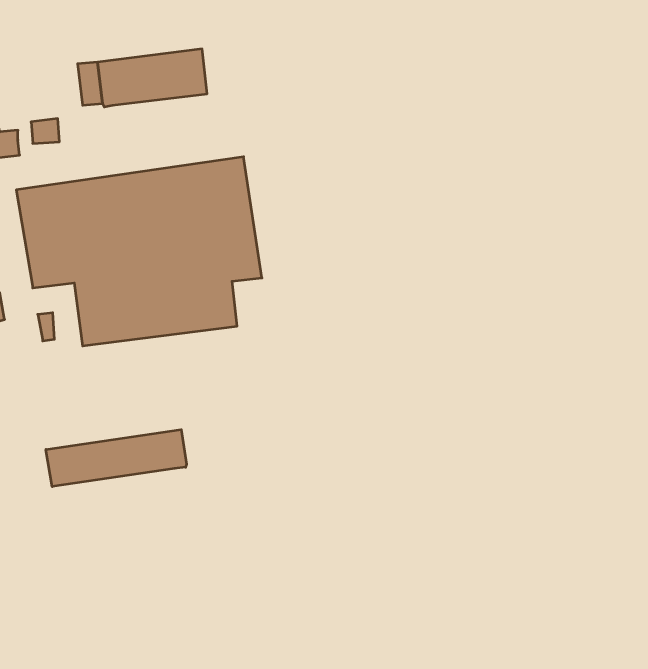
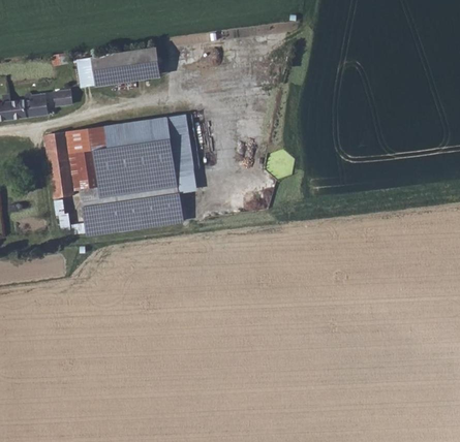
building: [46,430,187,487] -> none

